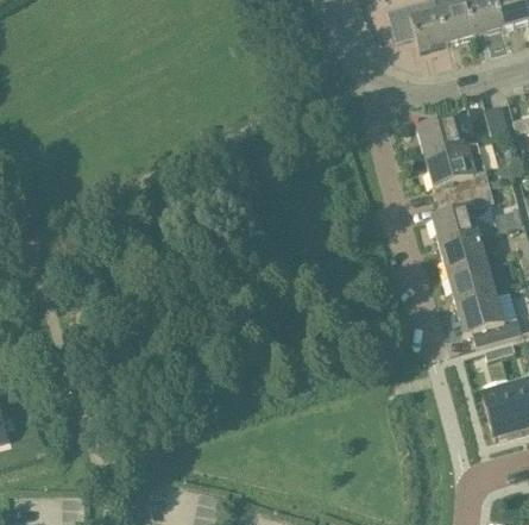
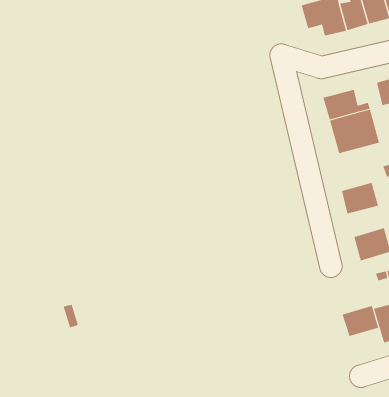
building: [433,183,493,244] -> none
building: [448,263,496,302] -> none
building: none -> [342,305,379,337]

